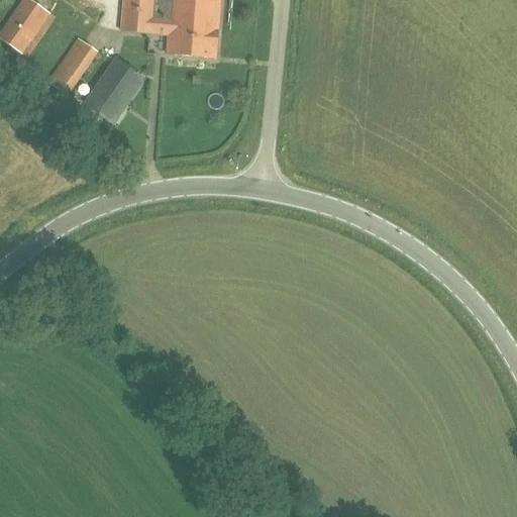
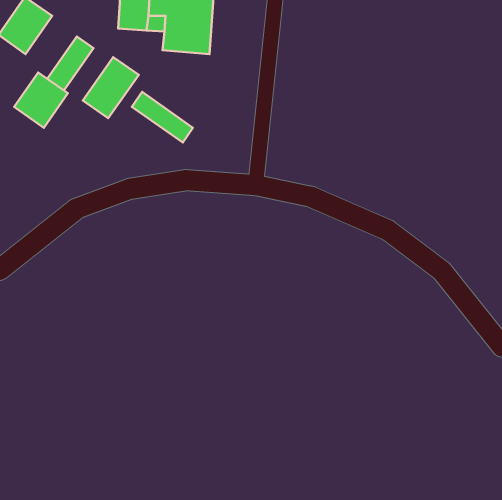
building: none -> [14,72,68,128]
building: none -> [132,92,193,143]

